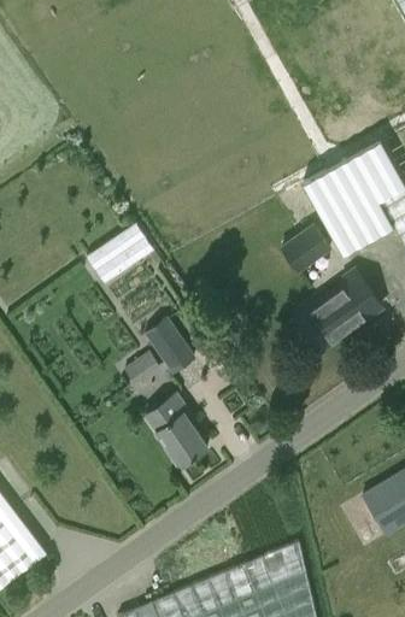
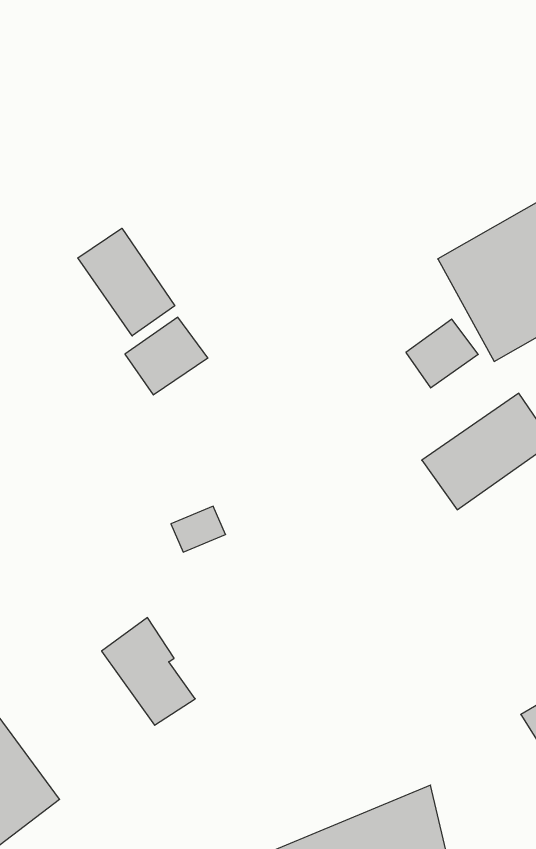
building: none -> [78,228,175,336]
building: [143,317,194,374] -> none
building: [143,394,207,468] -> [102,618,195,725]

